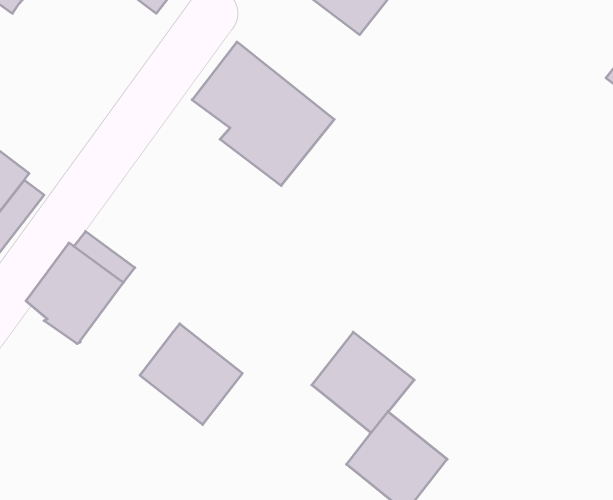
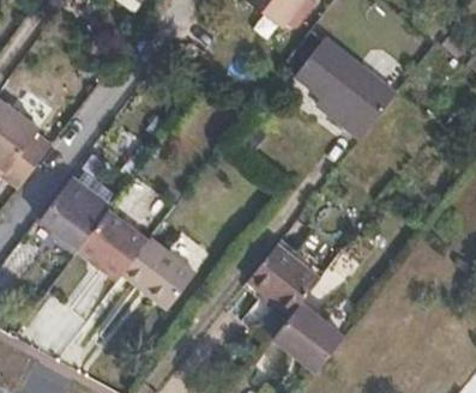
building: [192,42,334,186] -> [294,36,397,140]
building: none -> [79,212,146,279]

